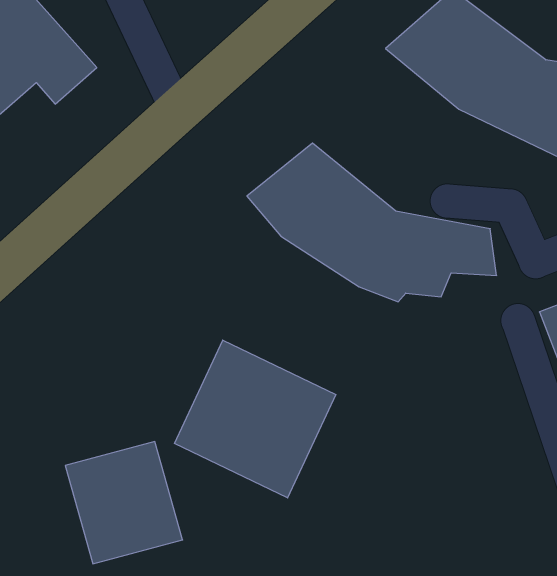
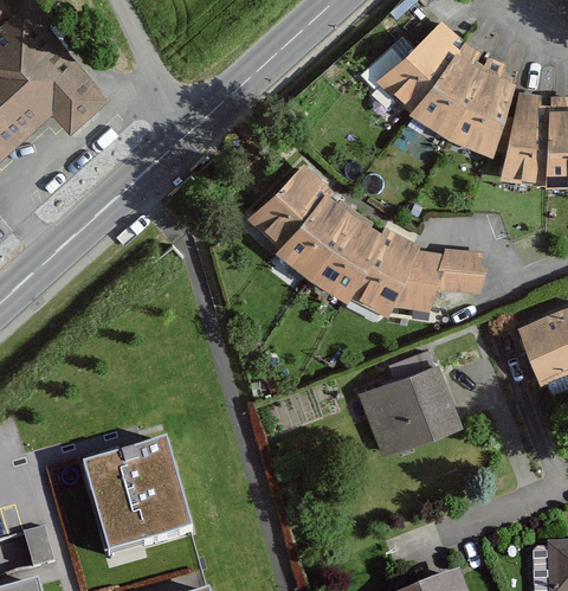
building: [175,340,336,498] -> none
building: none -> [357,364,462,454]

